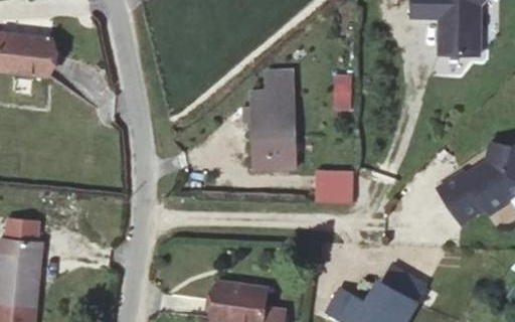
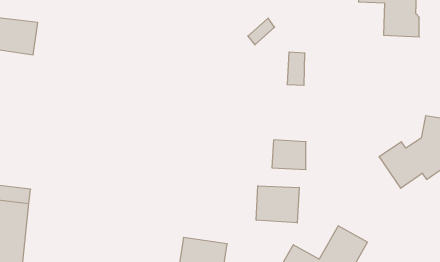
building: [251,78,296,169] -> none
building: none -> [256,186,299,223]

